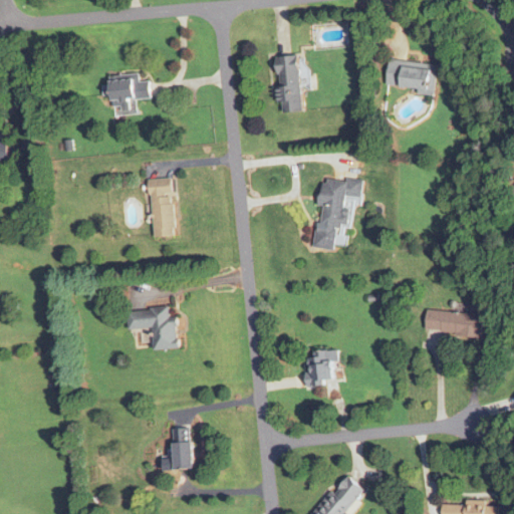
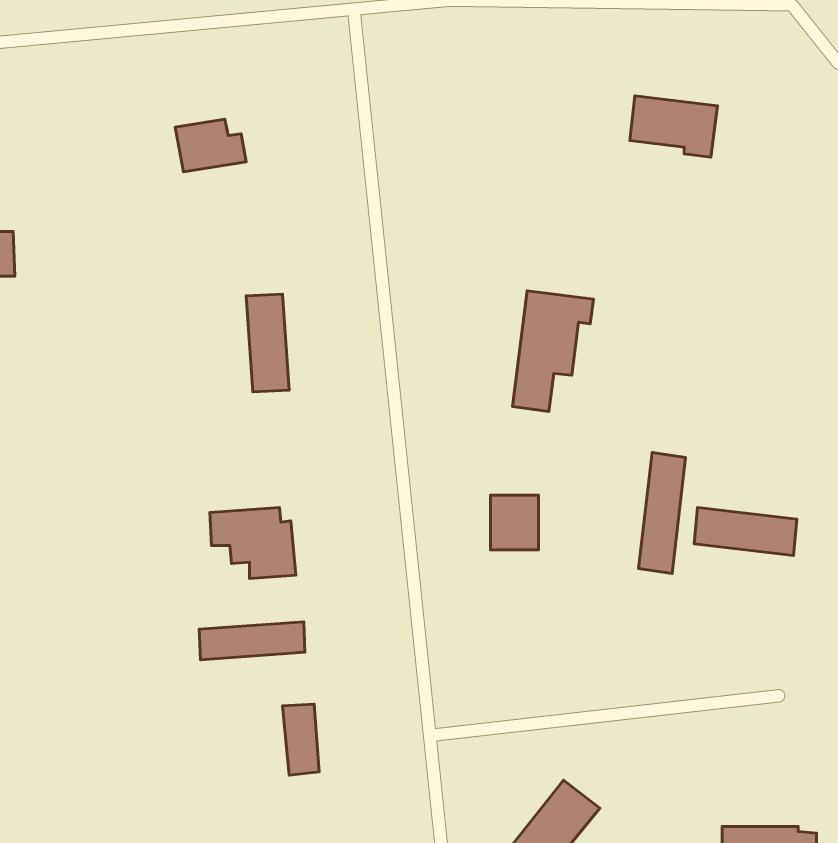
building: [274,55,299,113] -> none
building: none -> [639,453,686,574]
building: [307,351,336,384] -> [491,495,539,550]
building: none -> [199,622,305,660]

